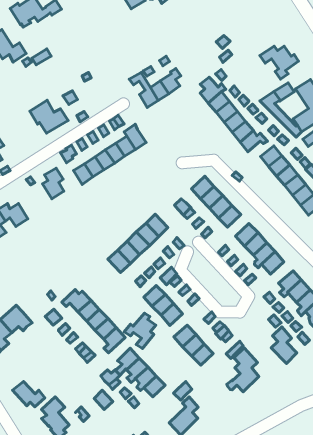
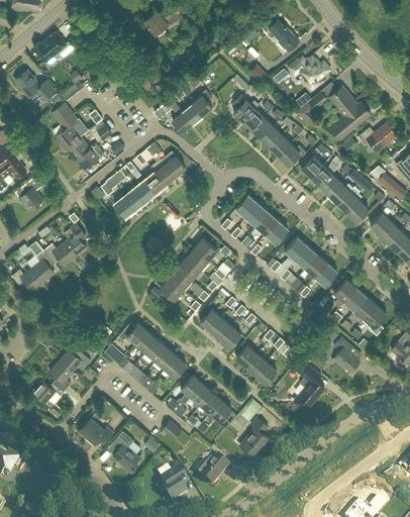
building: none -> [269,19,299,49]
building: none -> [50,102,81,148]
building: [42,168,64,199] -> [64,225,86,256]
building: [124,313,156,349] -> none

